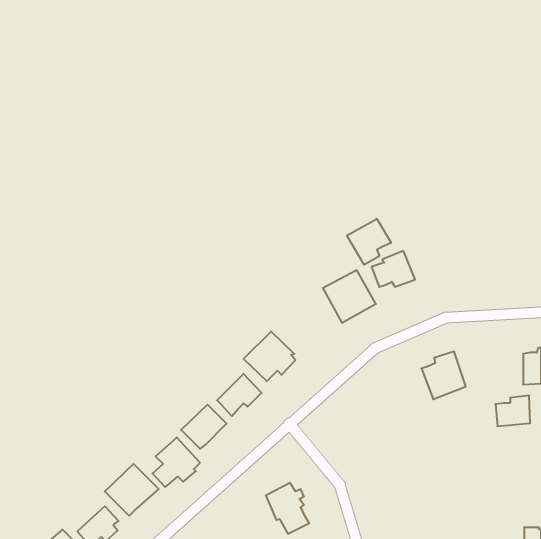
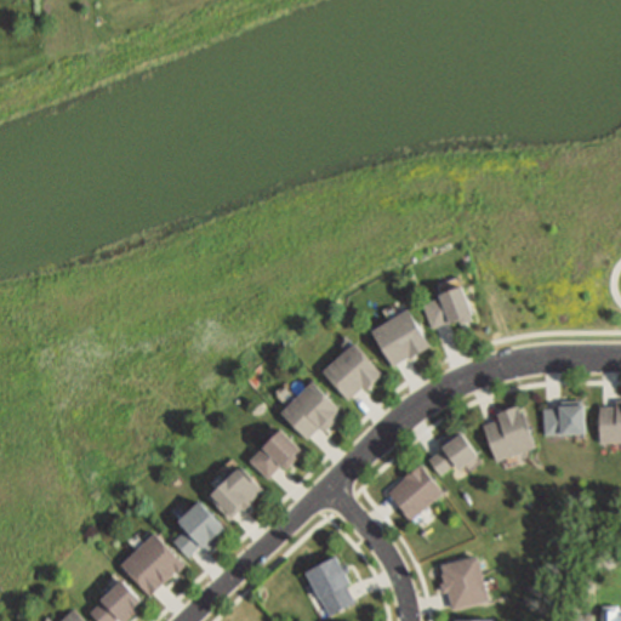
building: [347,219,391,265] -> none
building: none -> [321,337,380,399]
building: none -> [428,433,477,475]
building: [495,396,530,426] -> [542,399,582,434]
building: none -> [388,465,443,520]
building: none -> [438,557,486,608]

